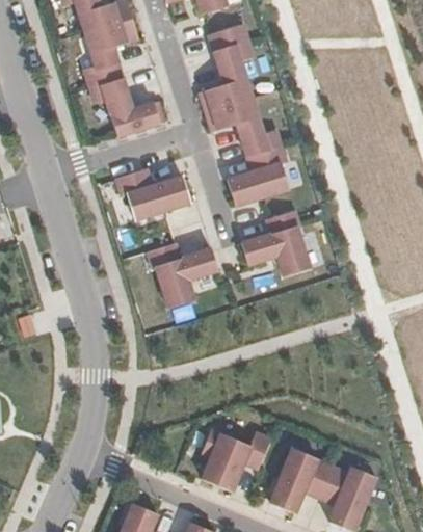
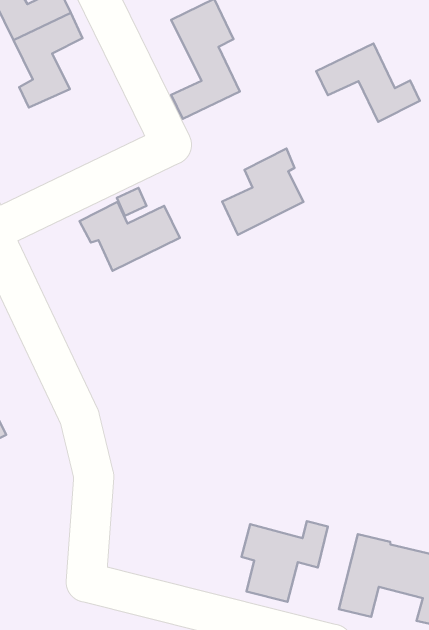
building: [88,76,163,135] -> none
building: [205,97,281,157] -> [316,44,420,122]
building: [240,210,310,275] -> none
building: [147,243,217,310] -> none

